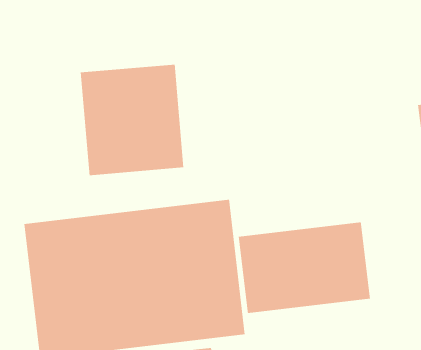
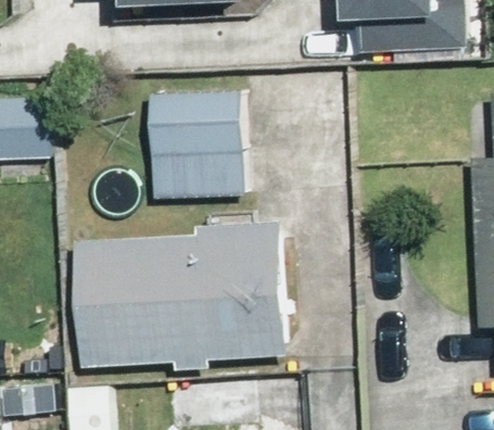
building: [238,221,371,314] -> none

